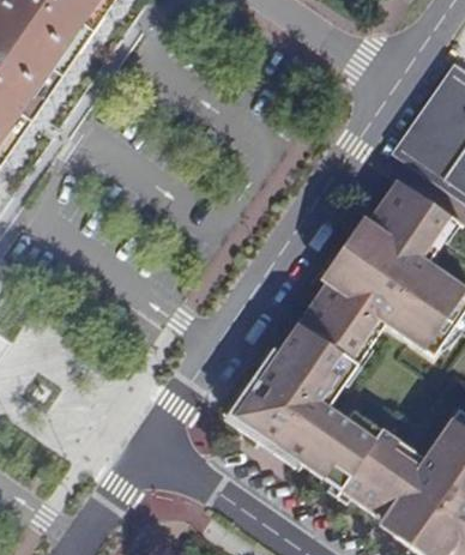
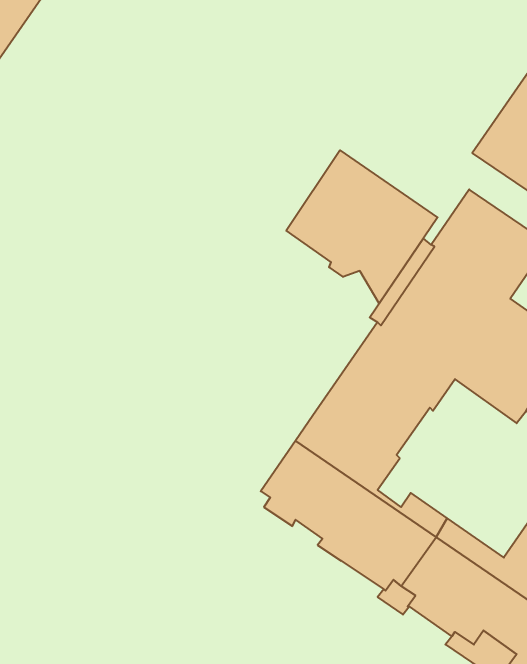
building: none -> [286,150,438,303]
building: [227,346,302,466] -> none

